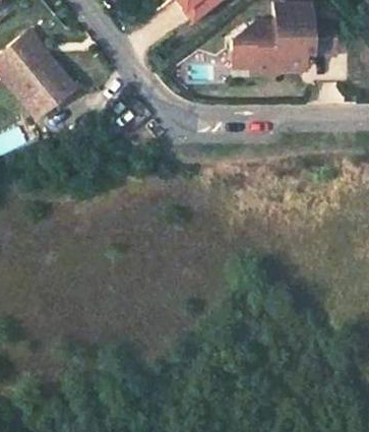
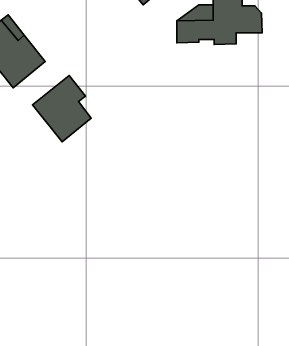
building: none -> [32,76,91,142]

